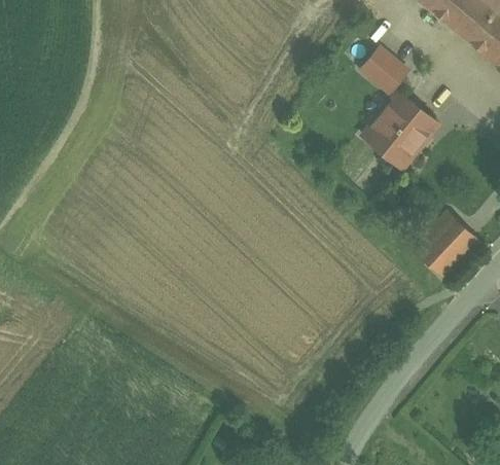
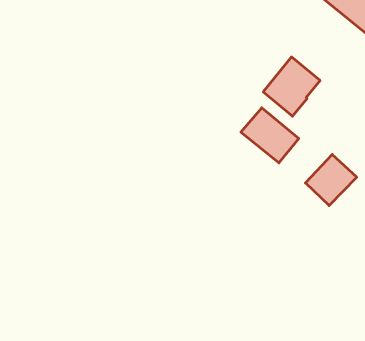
building: [361,46,407,92] -> none
building: none -> [241,108,299,163]

